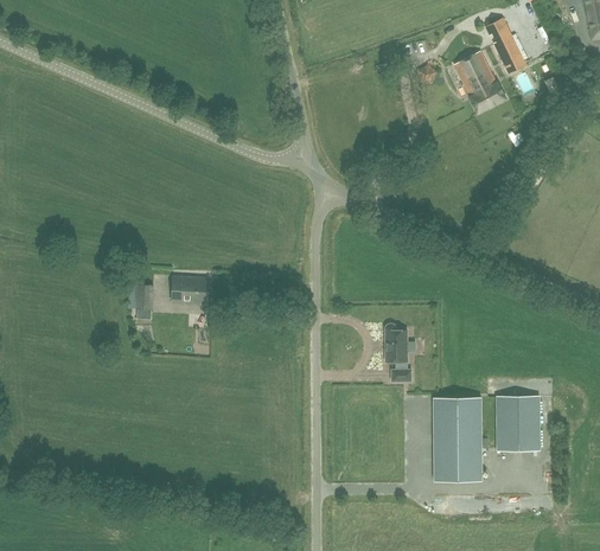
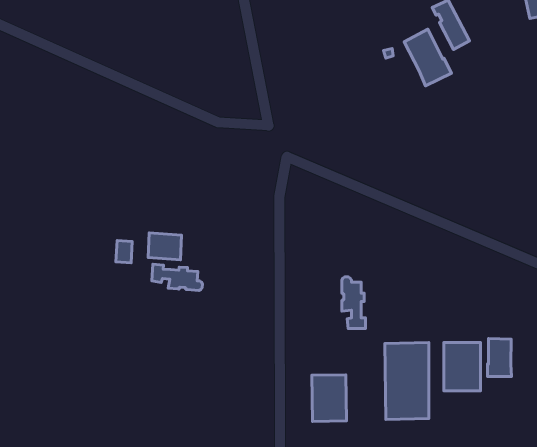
building: none -> [152,264,202,290]
building: none -> [487,338,512,377]
building: none -> [312,375,347,421]

